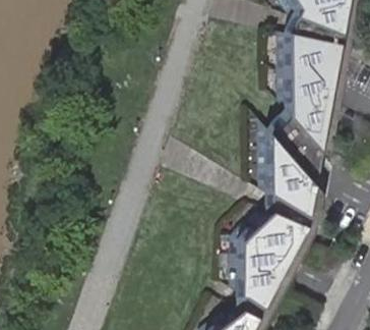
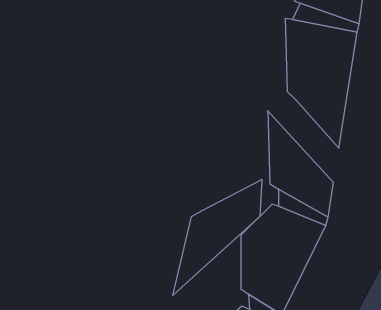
building: [267,105,325,183] -> none
building: none -> [173,179,262,295]

